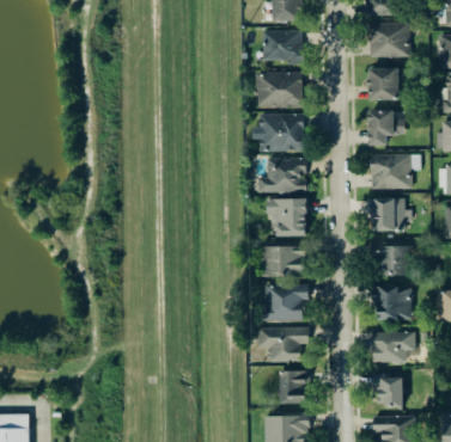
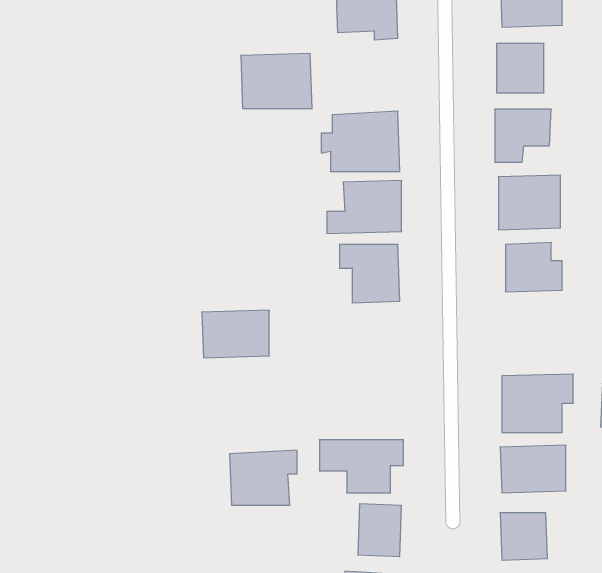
building: [257,72,304,108] -> [241,54,312,108]
building: [260,246,304,277] -> [202,310,269,358]
building: [372,246,413,275] -> none
building: [262,284,306,320] -> [230,450,297,505]

